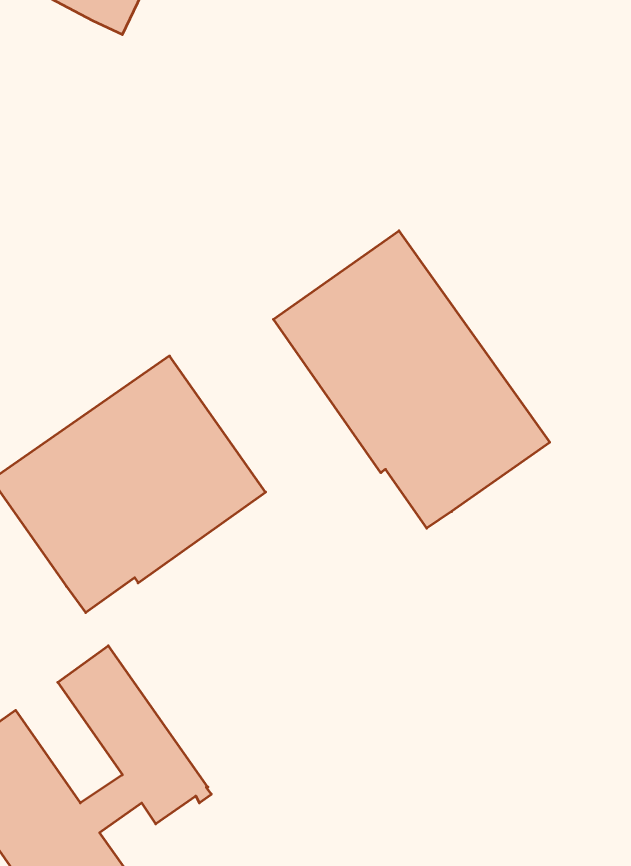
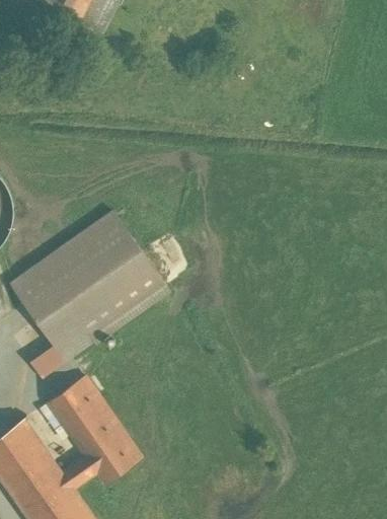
building: [273,231,550,528] -> none
building: none -> [30,345,65,376]

